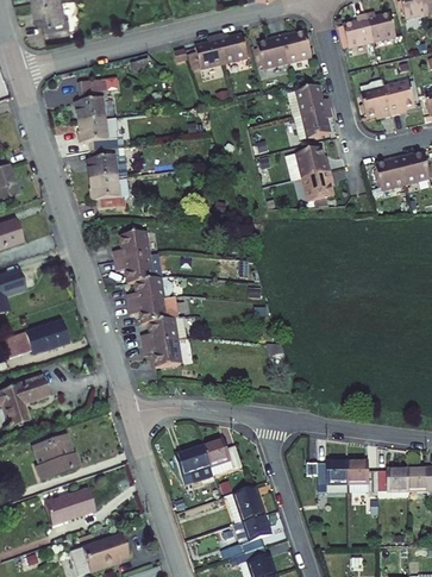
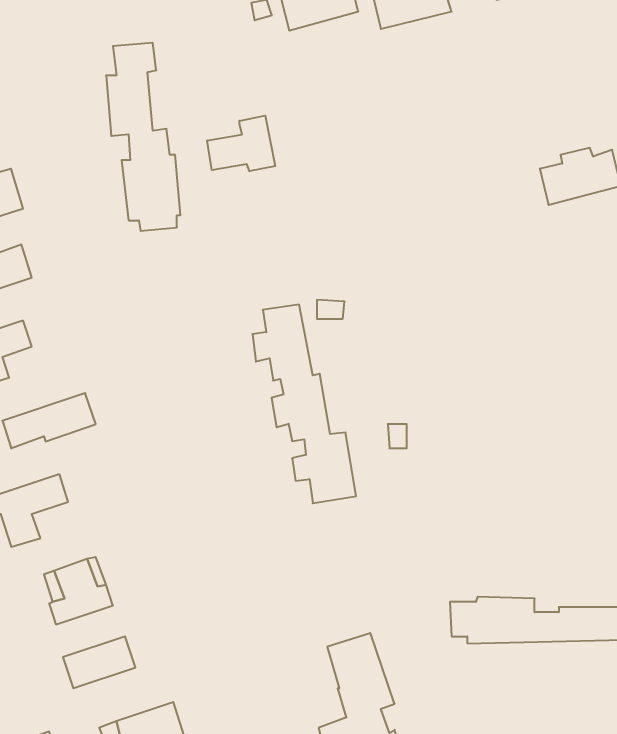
building: [362,77,417,115] -> none
building: [287,84,334,139] -> none
building: none -> [207,116,275,171]
building: [296,146,336,201] -> none
building: [114,232,186,369] -> [252,305,356,503]
building: [177,440,243,483] -> none

